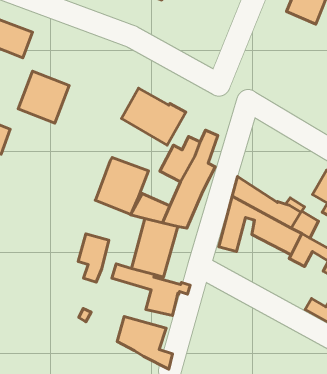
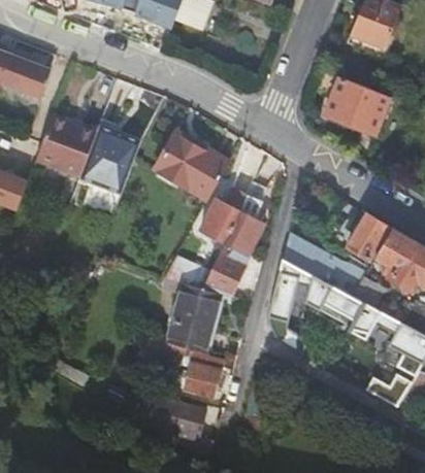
building: none -> [324,78,384,134]
building: [95,157,149,214] -> [76,126,138,192]
building: none -> [347,213,388,259]
building: [78,234,109,282] -> none

